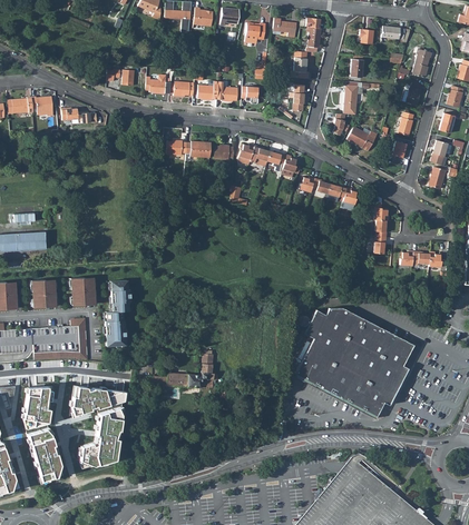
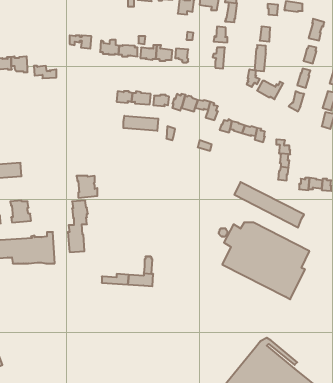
building: none -> [123,116,158,131]
building: [70,277,97,305] -> [76,176,97,198]
building: [294,360,383,418] -> [234,182,304,228]
building: [70,385,127,468] -> none
building: [23,386,66,484] -> none

